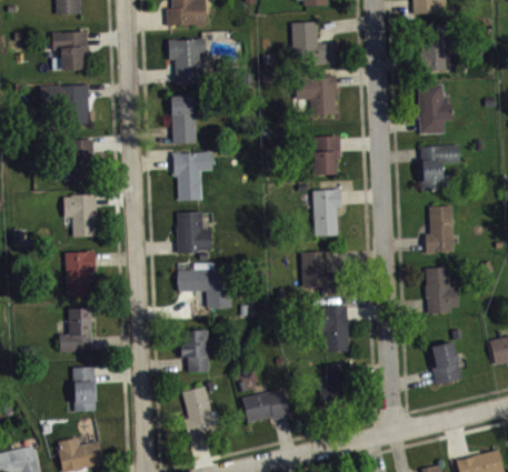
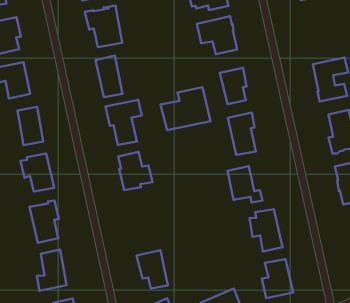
building: [417,83,451,133] -> none
building: none -> [160,87,210,130]
building: [177,262,231,307] -> none

